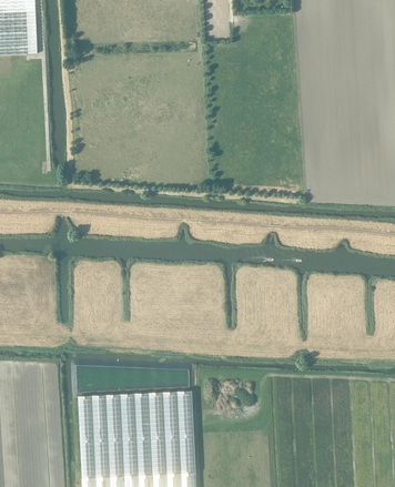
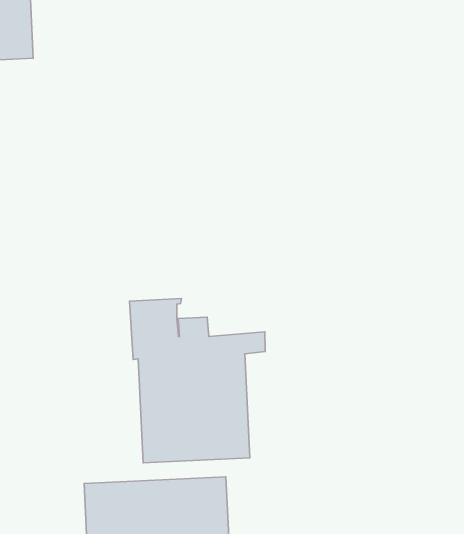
building: none -> [129,299,265,463]

